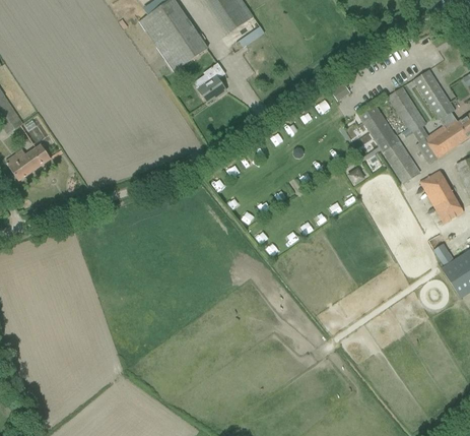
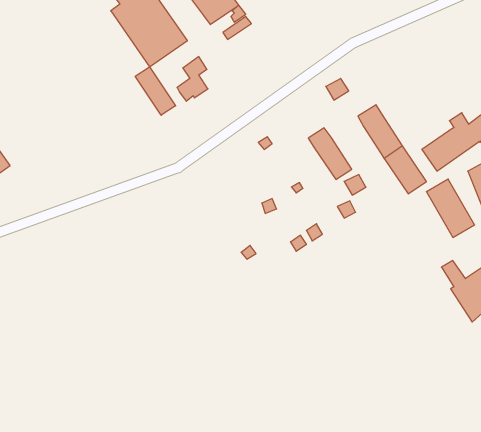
building: [414,70,455,119] -> none
building: none -> [135,67,176,115]
building: [388,87,426,133] -> [308,128,352,179]

